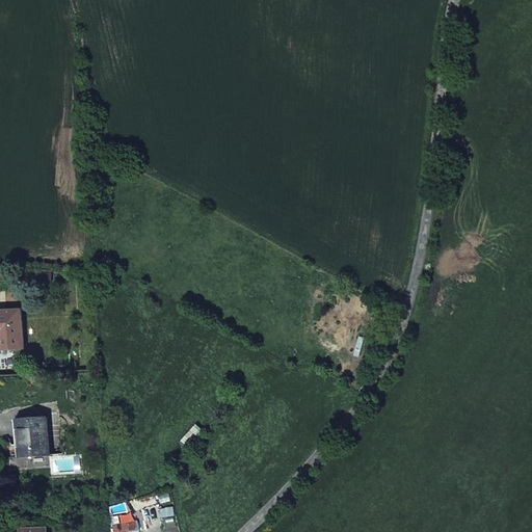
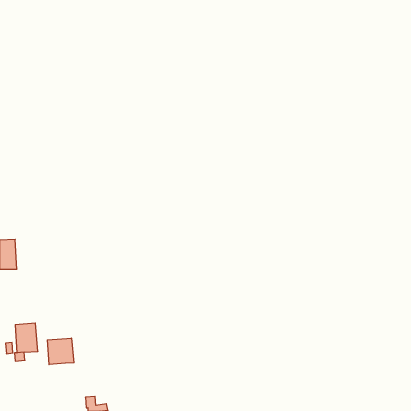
building: none -> [47,338,74,365]

